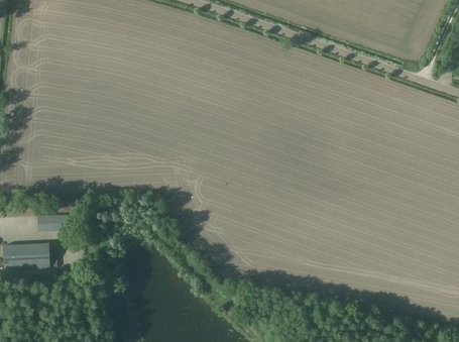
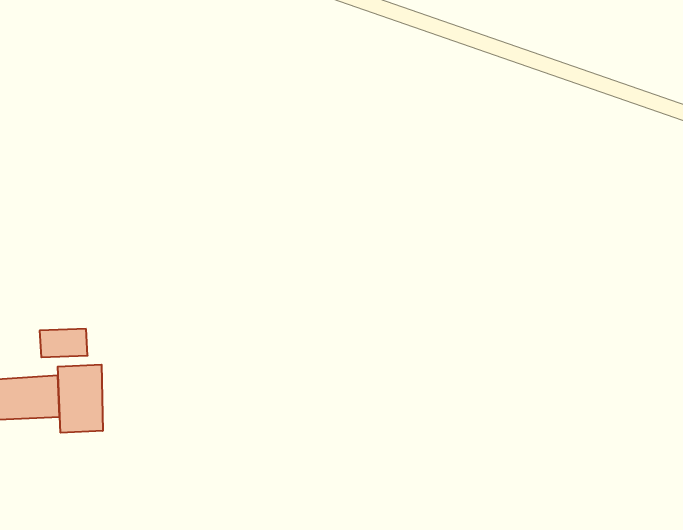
building: none -> [58,365,103,433]

